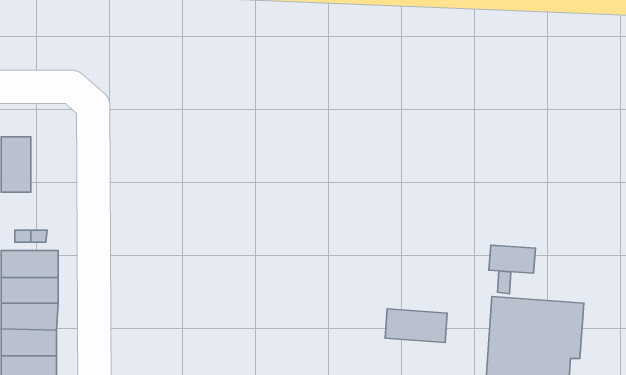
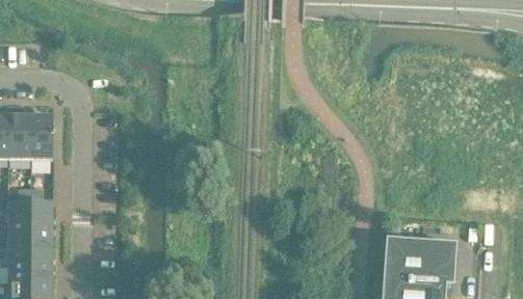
building: none -> [31,115,52,158]
building: [489,245,535,273] -> none
building: [385,309,447,342] -> none

